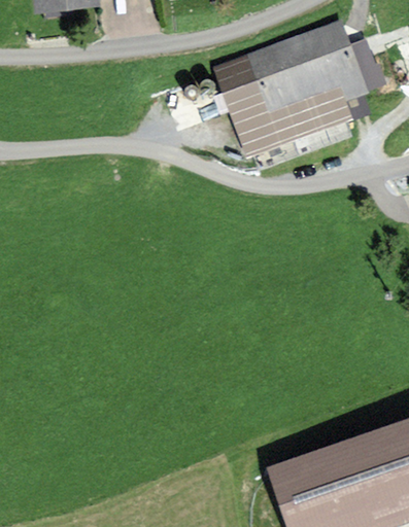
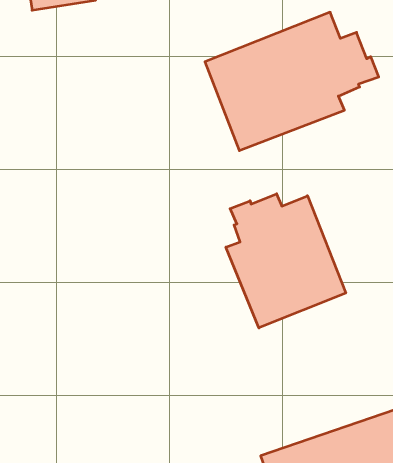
building: none -> [226,194,346,328]

